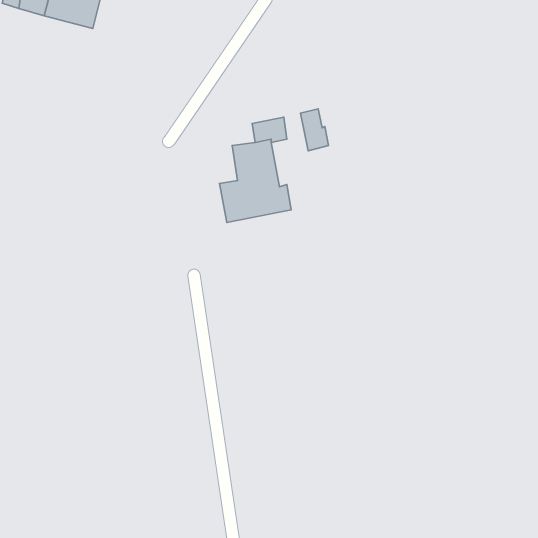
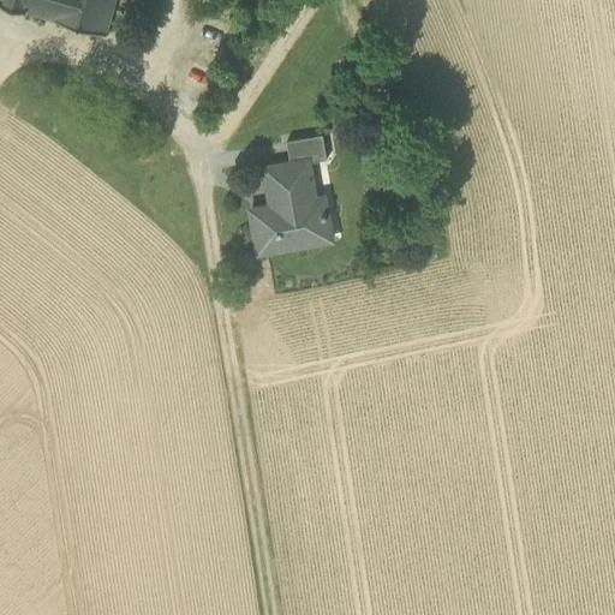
building: [301,109,329,151] -> none

